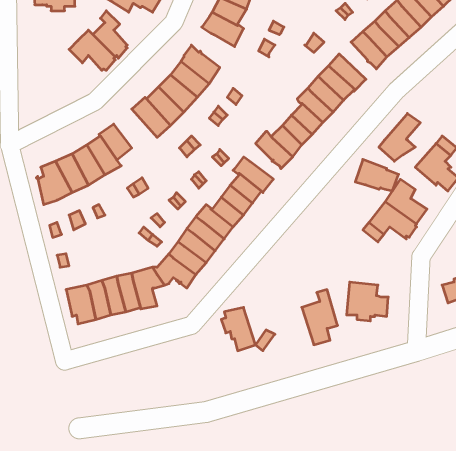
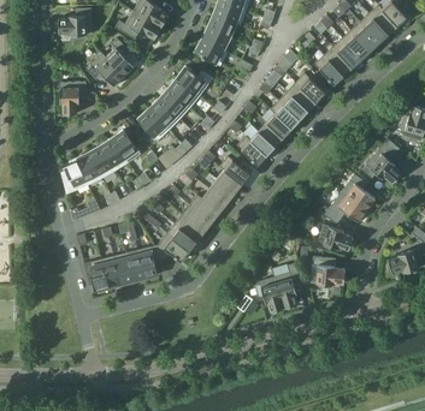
building: none -> [61,81,88,113]
building: [379,113,420,161] -> none
building: [355,159,399,191] -> [319,224,354,249]
building: [221,307,256,351] -> [258,276,285,311]

